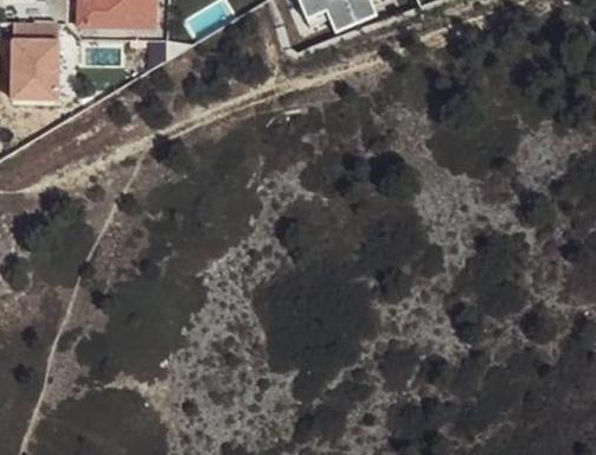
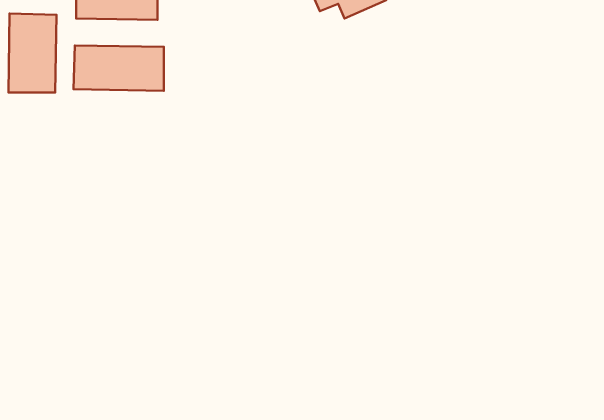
building: none -> [73,45,164,91]

